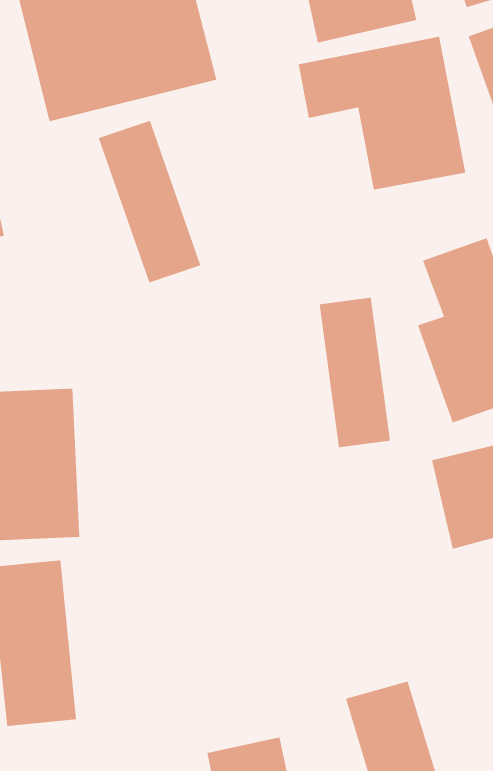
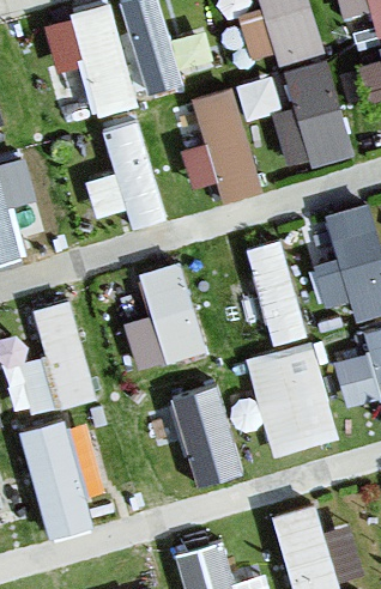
building: none -> [193,86,259,204]
building: none -> [123,260,207,375]
building: none -> [244,341,338,457]
building: none -> [167,382,243,486]

